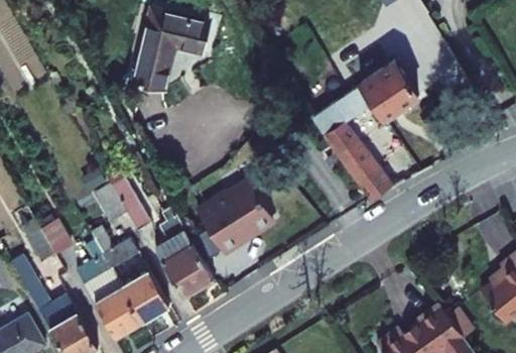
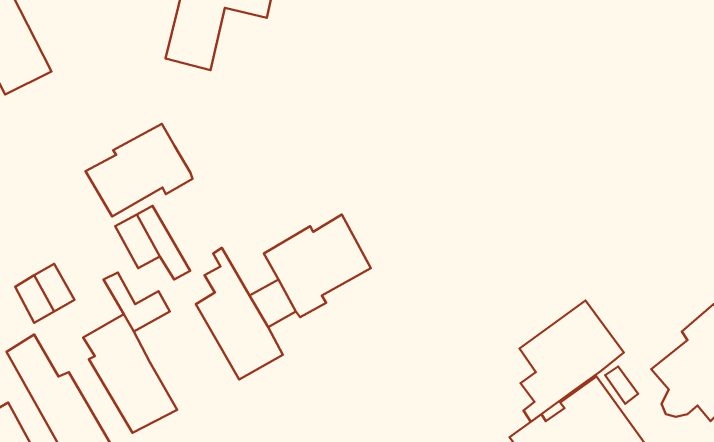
building: [316,61,420,203] -> none
building: none -> [86,124,193,216]
building: none -> [519,300,624,422]
building: [121,272,170,322] -> none

